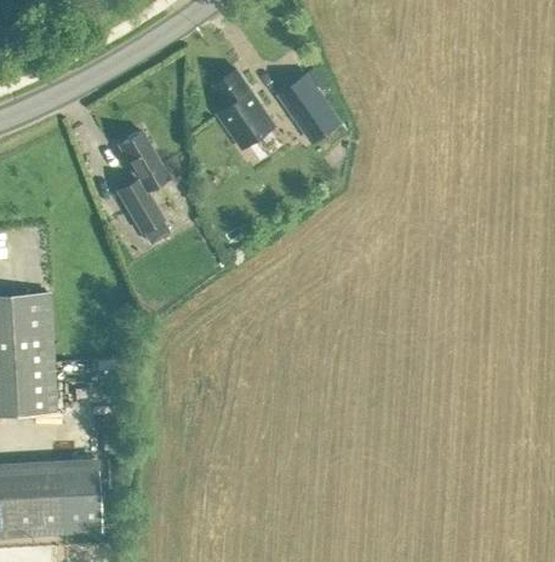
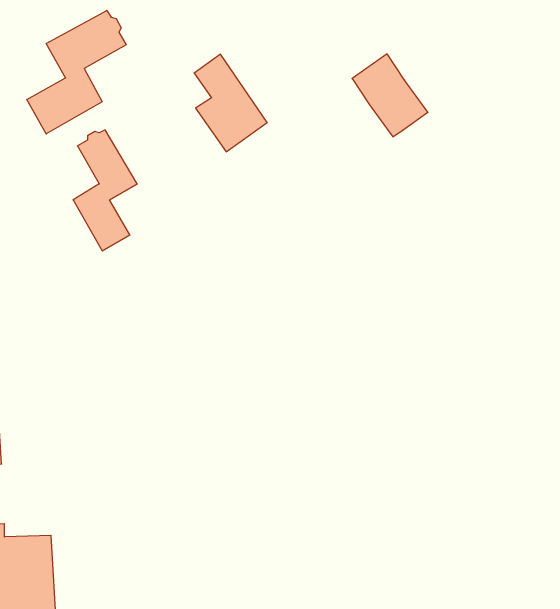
building: none -> [27,10,126,134]
building: [280,74,343,143] -> [352,54,428,137]

